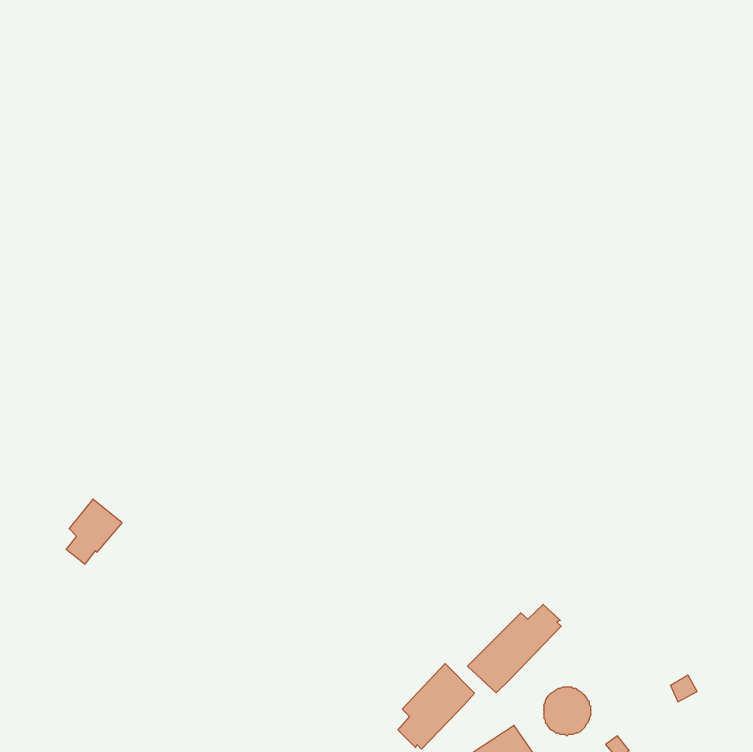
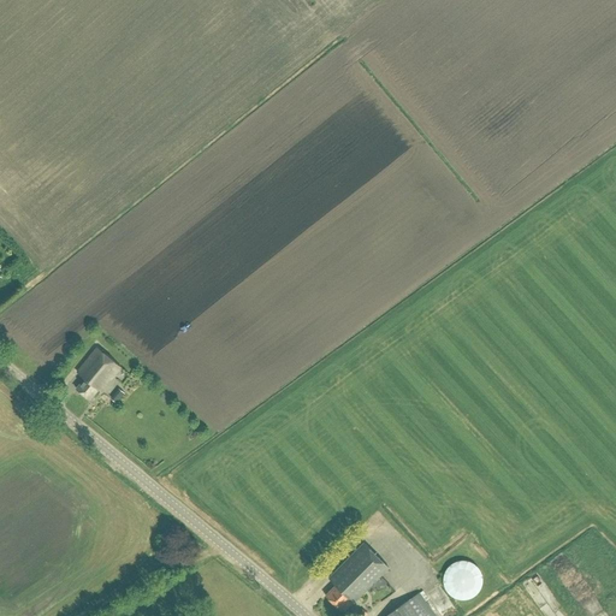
building: [66,499,122,564] -> [75,348,120,401]
building: [468,604,561,693] -> none

